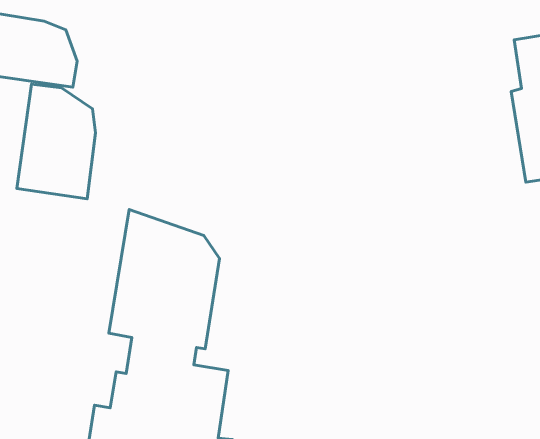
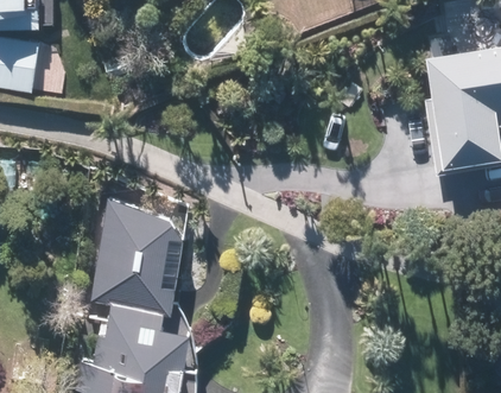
building: [17,84,95,199] -> none

